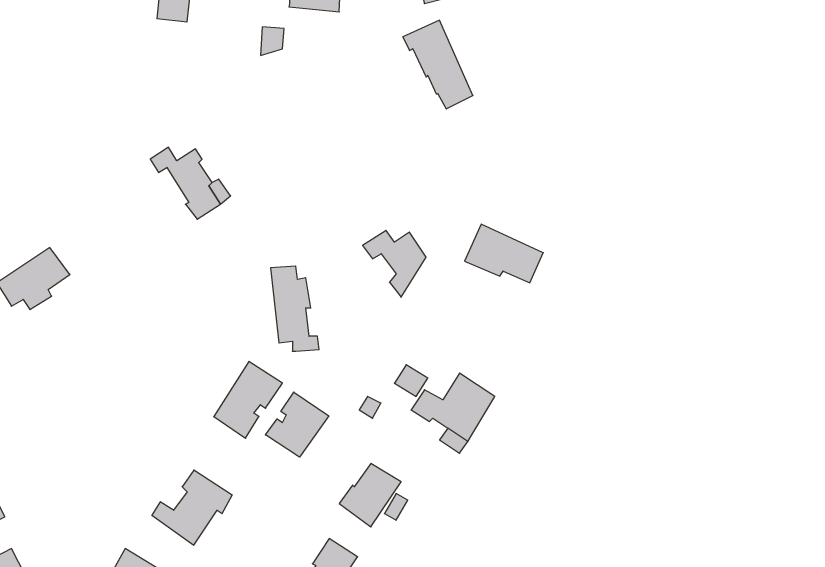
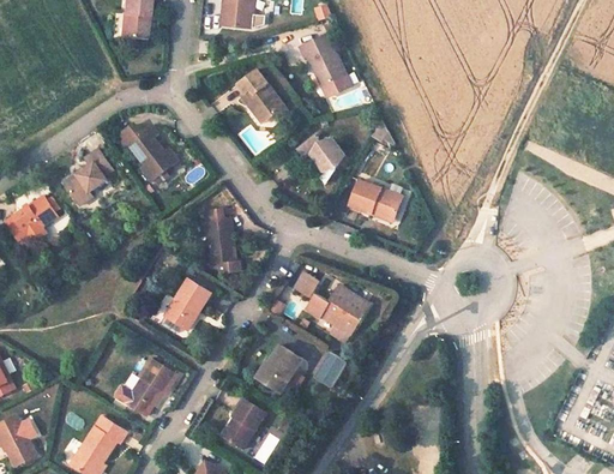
building: none -> [236,67,283,119]
building: none -> [68,148,114,204]
building: [363,230,426,297] -> [296,138,342,186]
building: [265,392,329,457] -> none
building: none -> [312,350,344,388]

